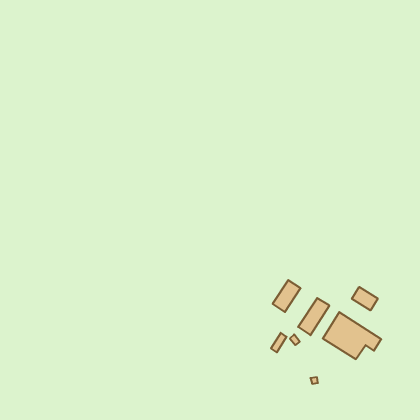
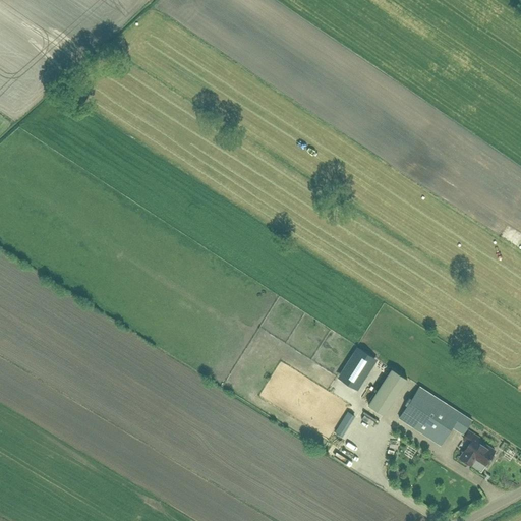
building: [352,287,378,310] -> none
building: none -> [459,431,496,466]

